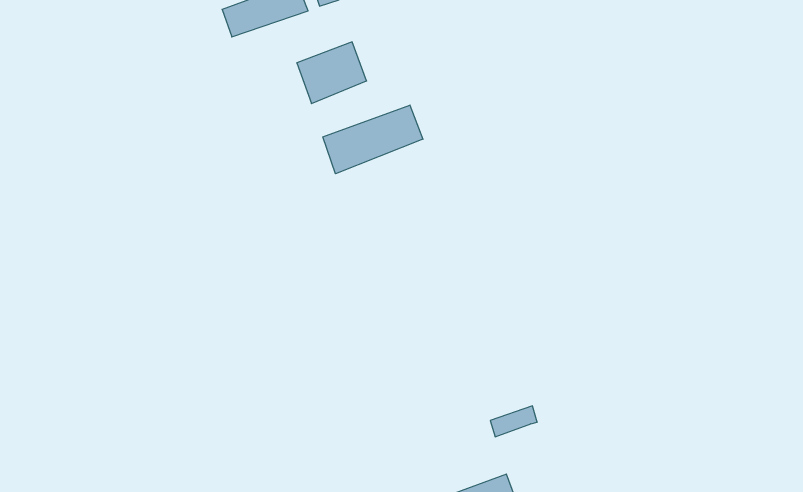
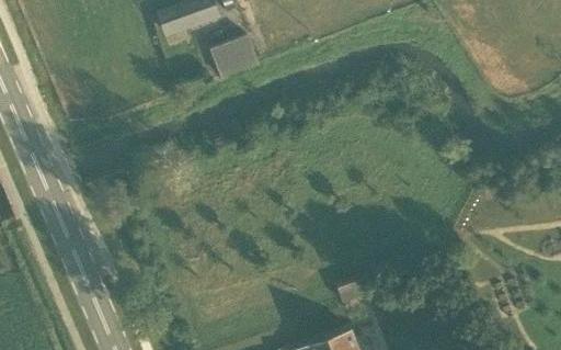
building: [323,105,423,174] -> none

